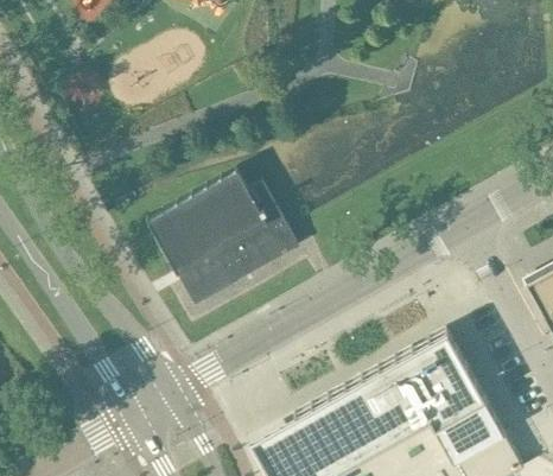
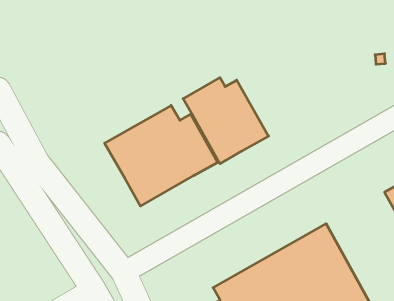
building: none -> [183,78,269,164]

